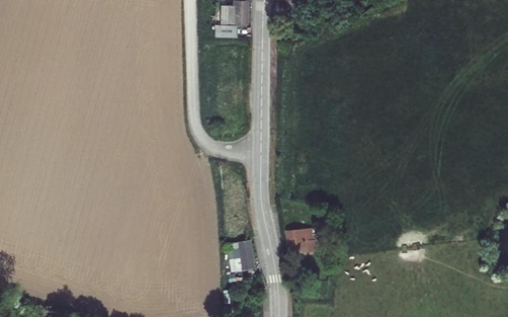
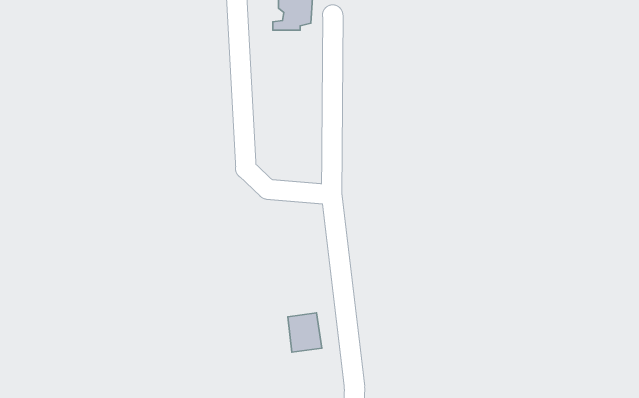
building: [290,229,316,251] -> none

